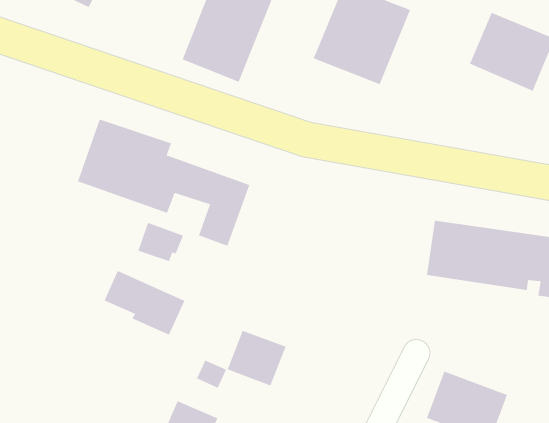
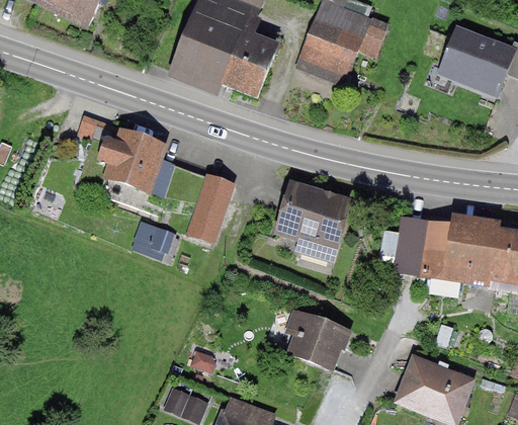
building: none -> [226,23,285,103]
building: none -> [281,188,346,255]
building: [104,270,185,336] -> none
building: [227,330,286,386] -> [291,313,346,364]

